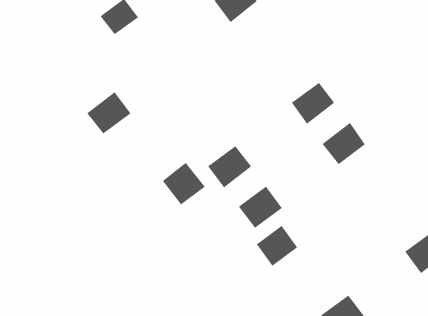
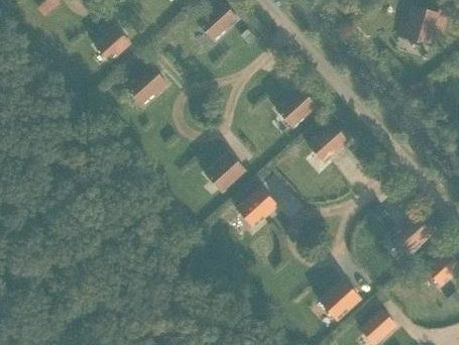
building: [86,91,132,134] -> [126,65,167,105]
building: [162,162,206,205] -> none
building: [256,225,298,267] -> none

